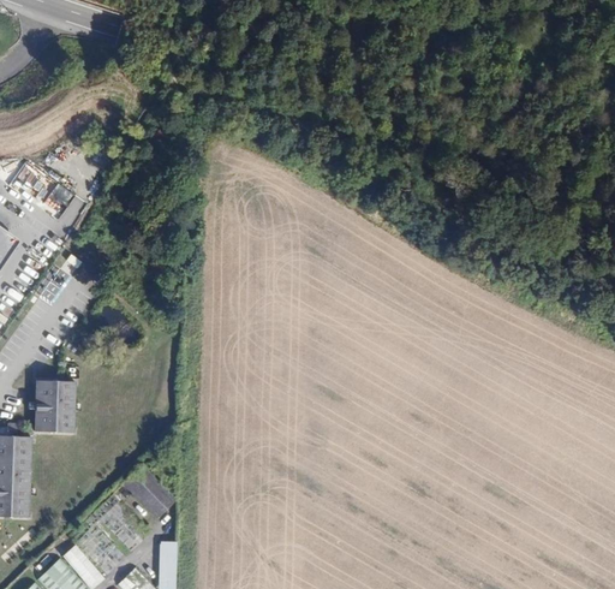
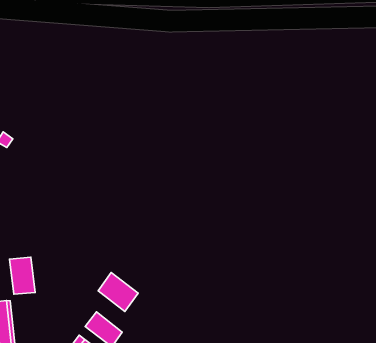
building: none -> [98,273,138,311]

